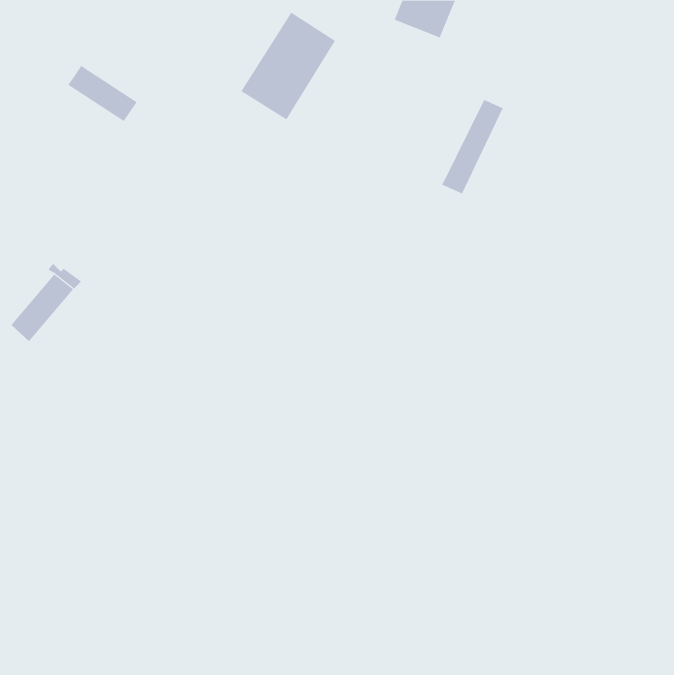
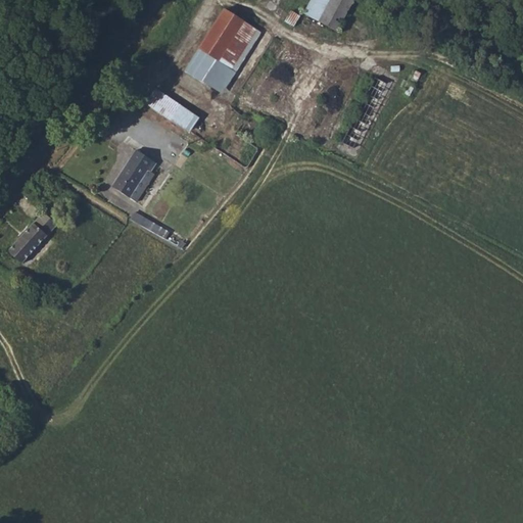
building: [67,65,138,122] -> [145,88,199,132]
building: none -> [114,146,158,193]

